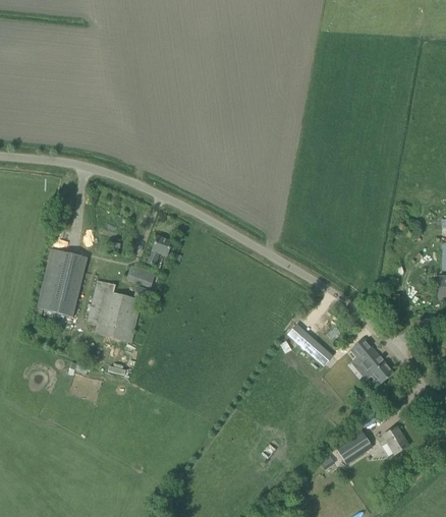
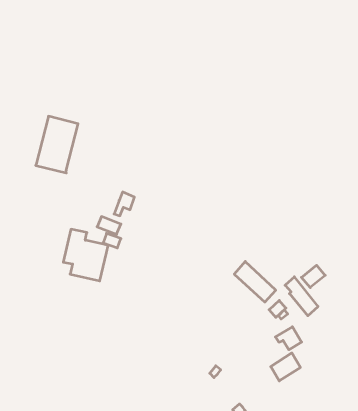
building: [36,249,87,318] -> [36,116,78,173]
building: none -> [301,265,325,288]
building: [376,427,407,455] -> [275,327,302,350]

